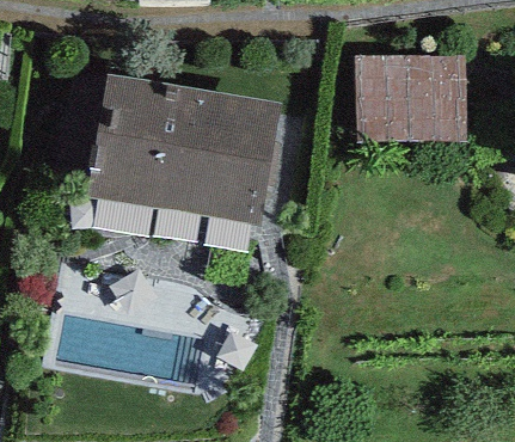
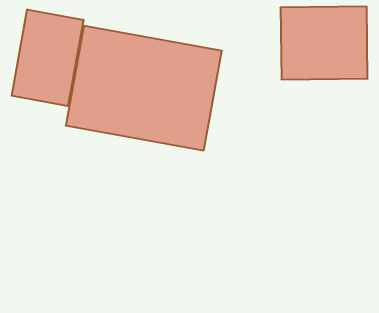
building: none -> [12,9,83,106]

